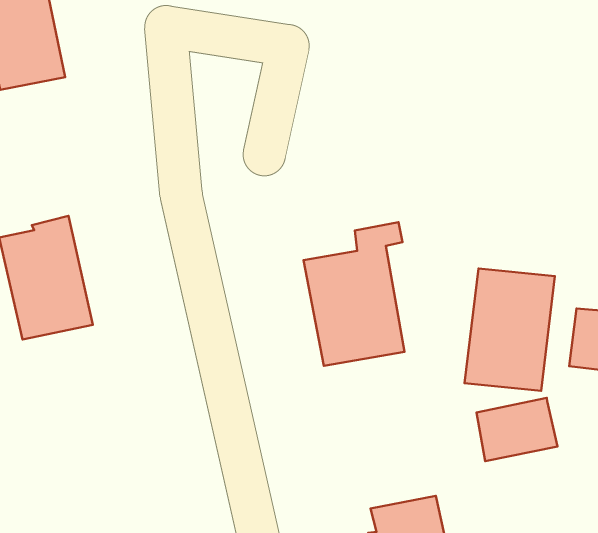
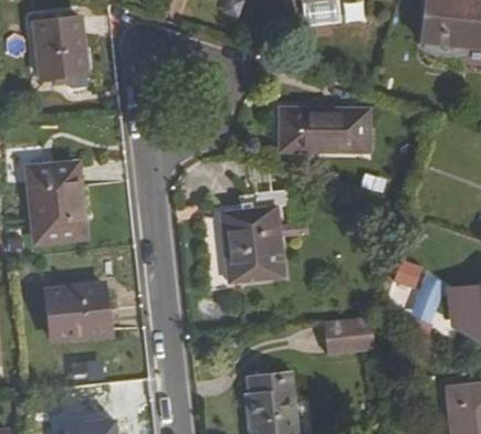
building: none -> [282,106,367,148]
building: [465,268,555,391] -> none
building: none -> [46,286,107,338]

